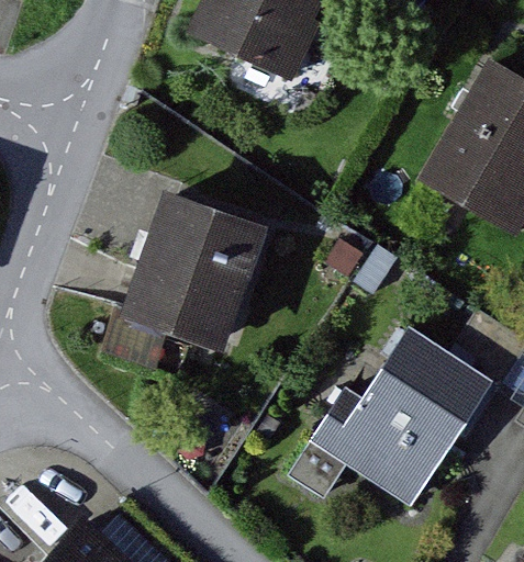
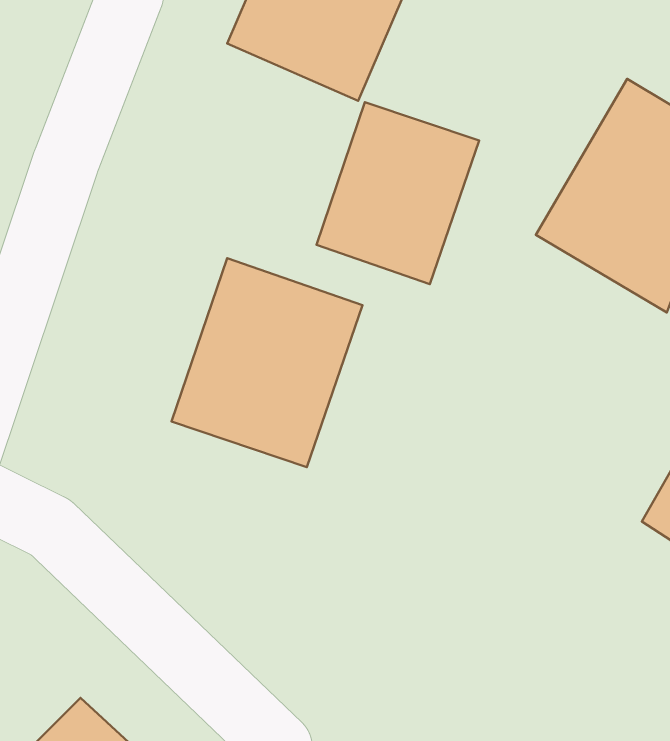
building: none -> [317,102,479,284]
building: [287,327,490,506] -> none

